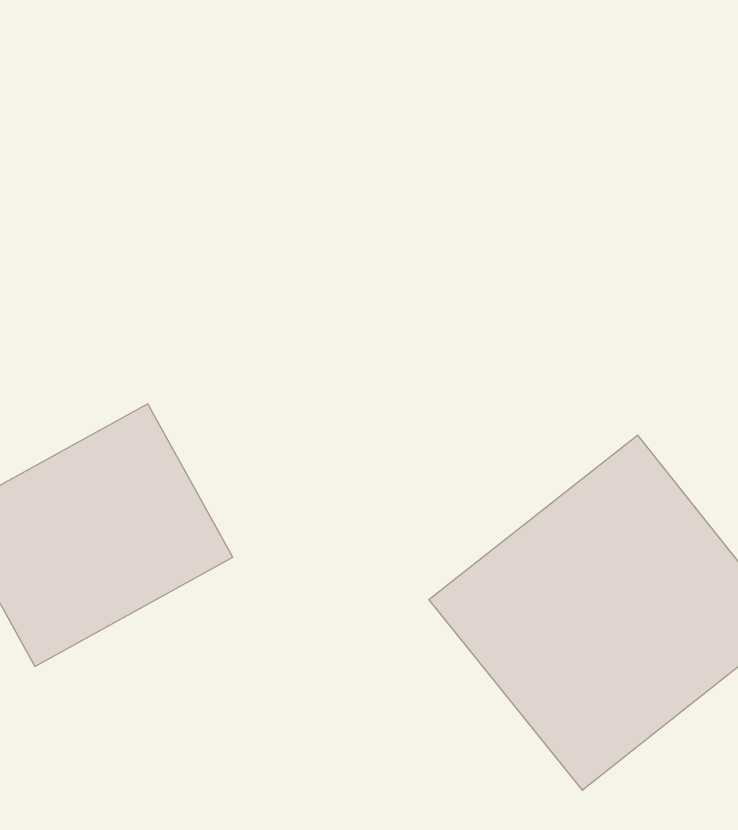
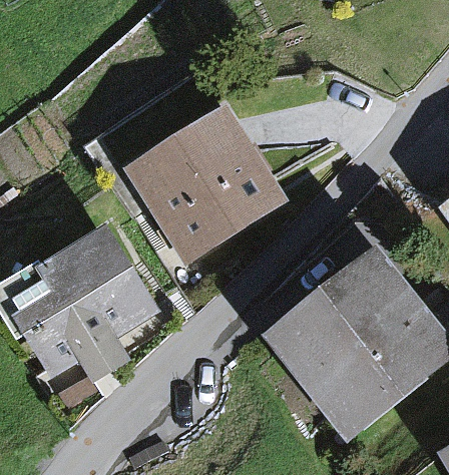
building: none -> [123,102,287,263]

